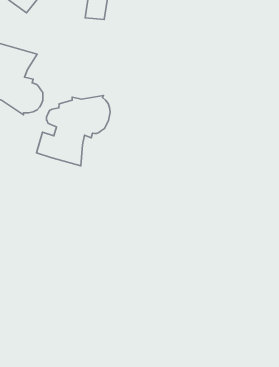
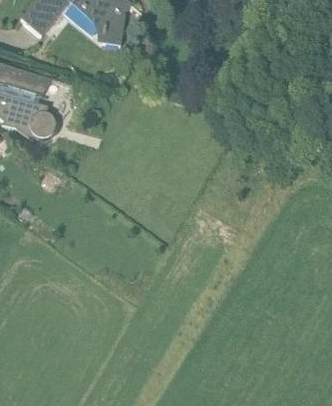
building: [36,96,110,166] -> none

